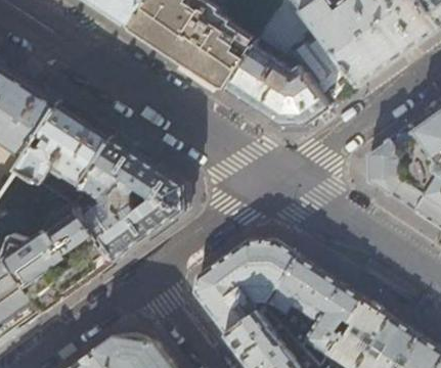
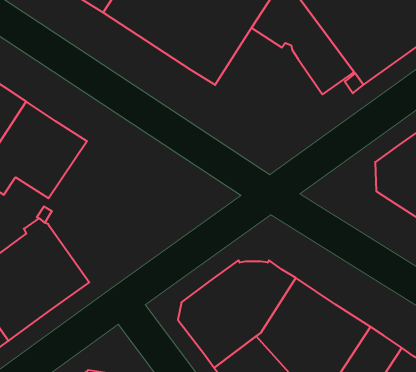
building: [222,37,324,124] -> none
building: [76,136,182,260] -> none

